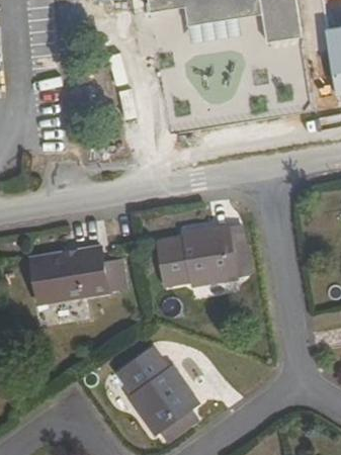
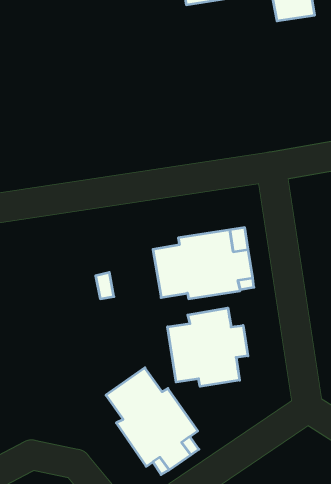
building: [31,247,107,302] -> none
building: none -> [168,308,248,386]

